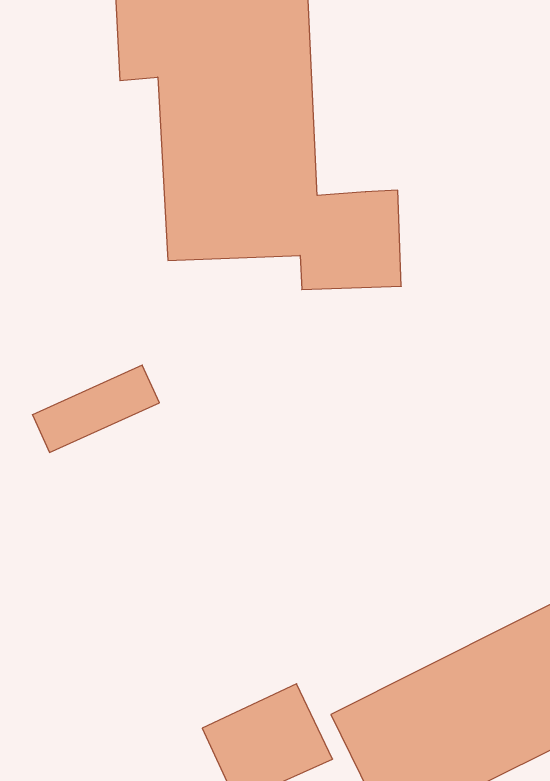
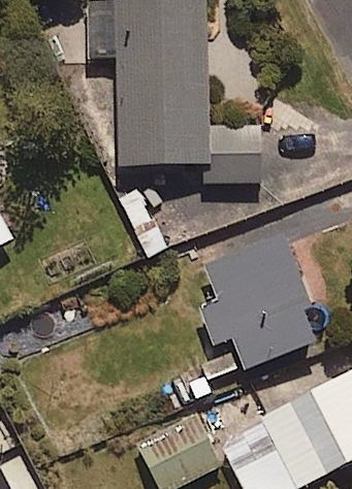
building: none -> [199,238,320,368]

